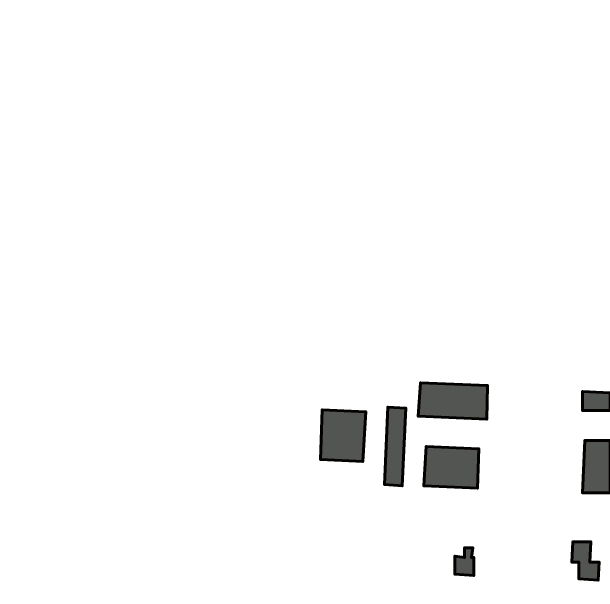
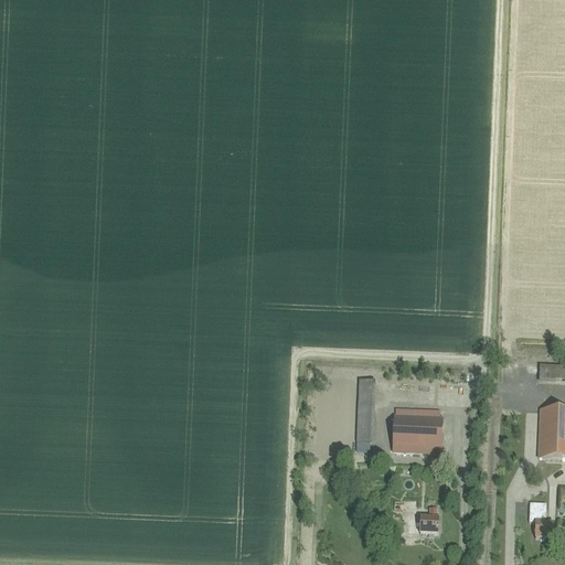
building: [418,383,488,419] -> none
building: [321,410,366,461] -> none

